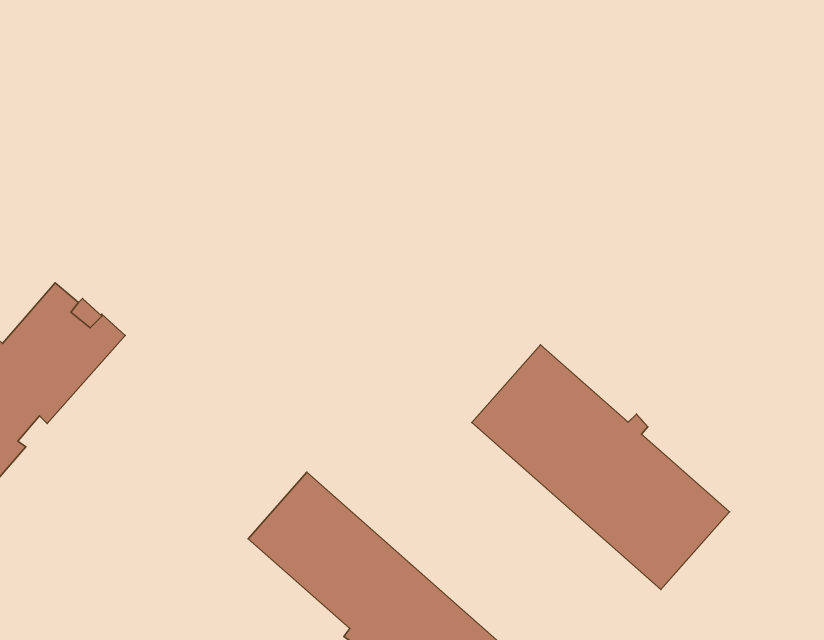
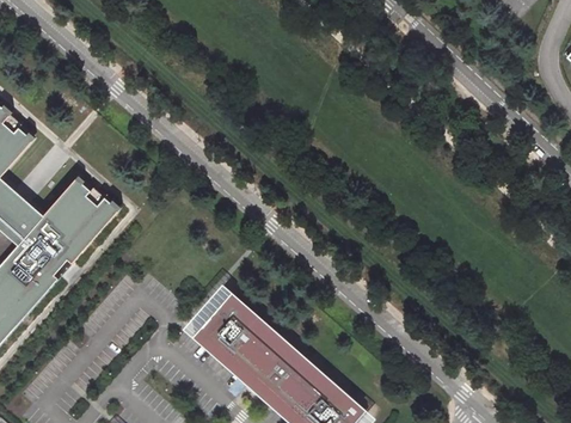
building: [472,345,729,589] -> none

